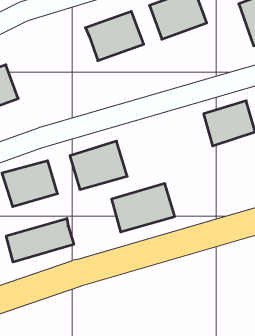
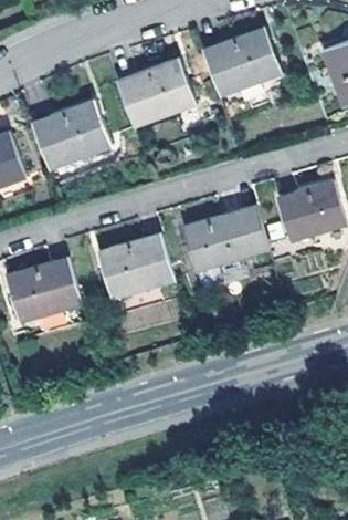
building: none -> [33,101,110,168]
building: [112,184,175,232] -> [181,206,266,271]
building: [6,218,74,262] -> none

